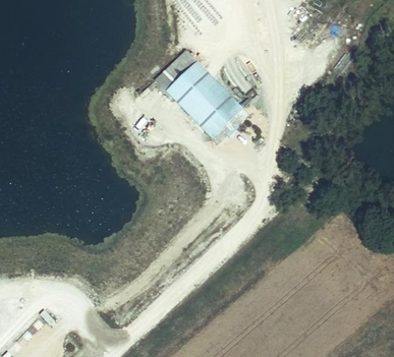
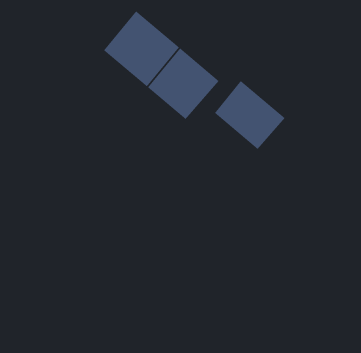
building: none -> [214,80,286,150]

